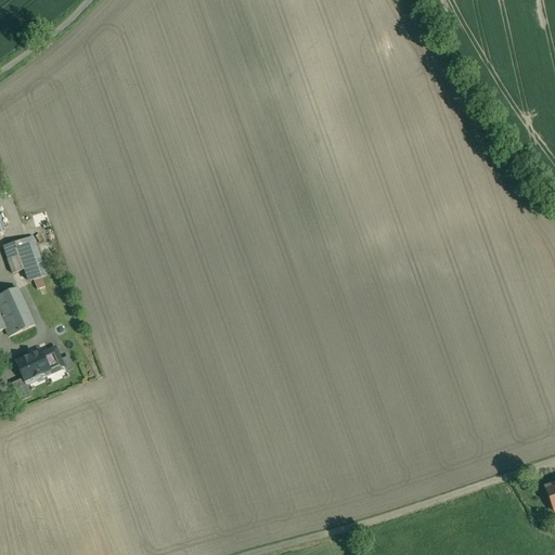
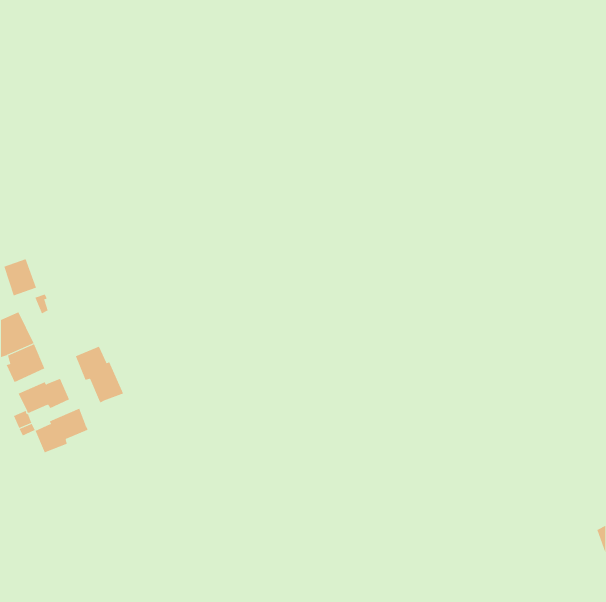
building: none -> [75,346,124,403]
building: none -> [35,408,88,453]

